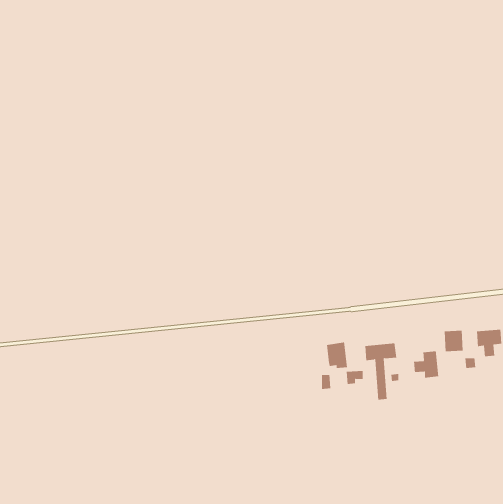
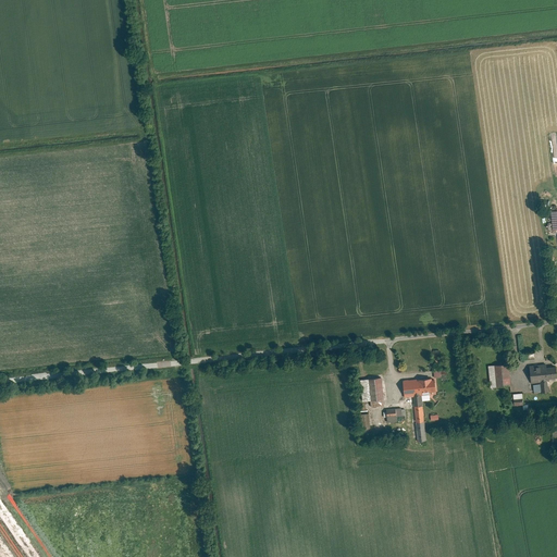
building: [413,350,439,379] -> none

